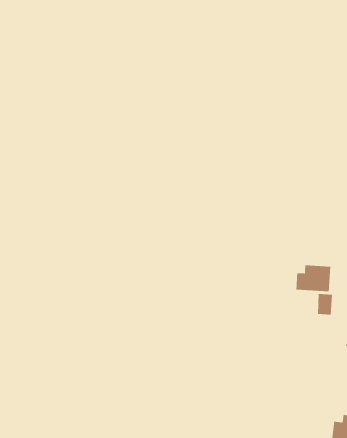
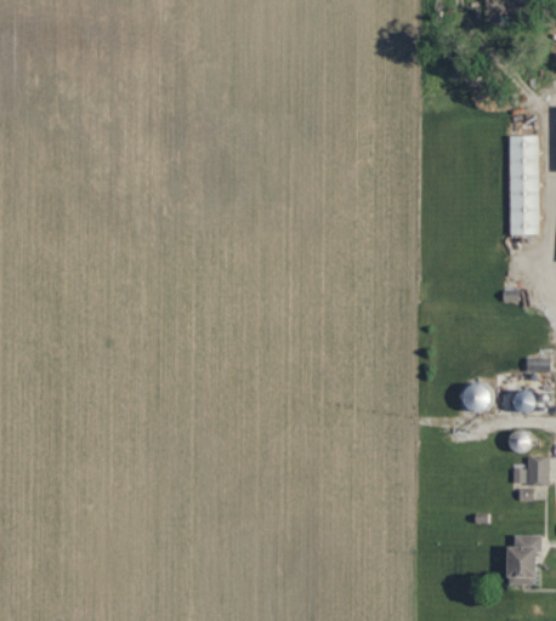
building: [296,265,331,292] -> none

